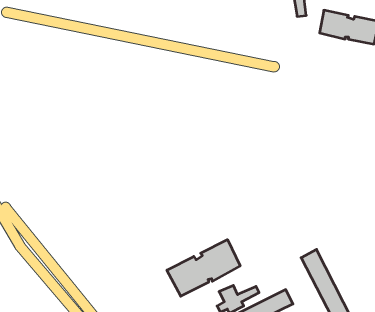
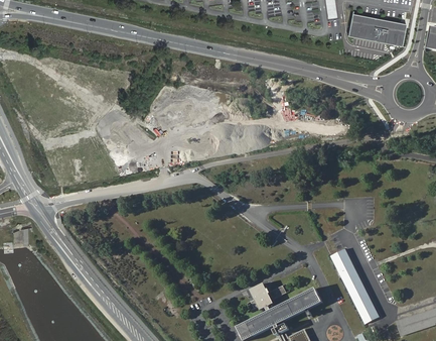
building: [167,240,240,296] -> none

